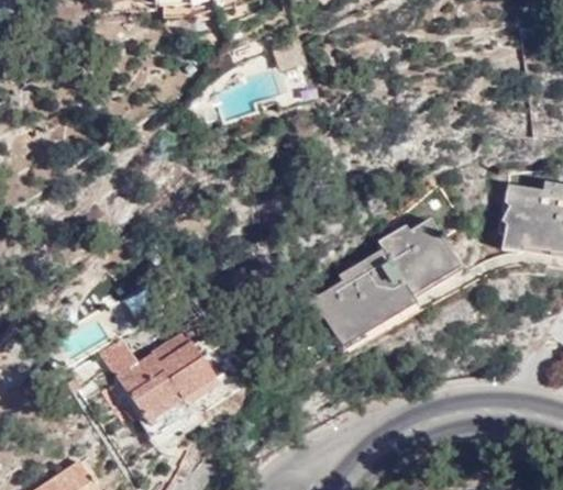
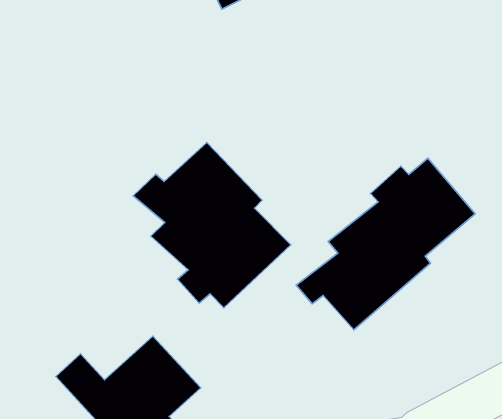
building: none -> [133,142,291,308]

